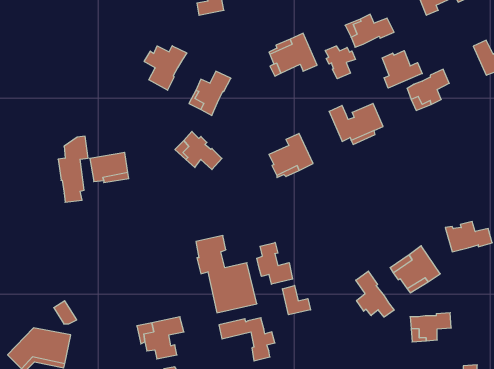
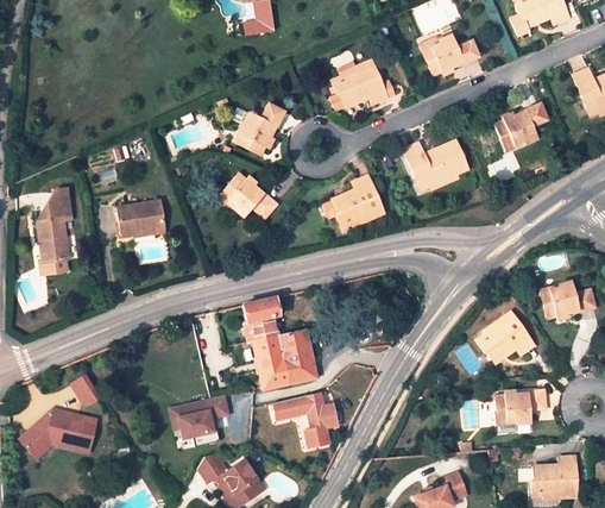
building: [144,46,187,90] -> none
building: [325,46,355,79] -> none
building: [382,51,422,88] -> none
building: [58,136,88,202] -> [37,194,73,272]
building: [257,242,293,284] -> none
building: [356,271,394,317] -> none
building: [282,285,311,315] -> none

